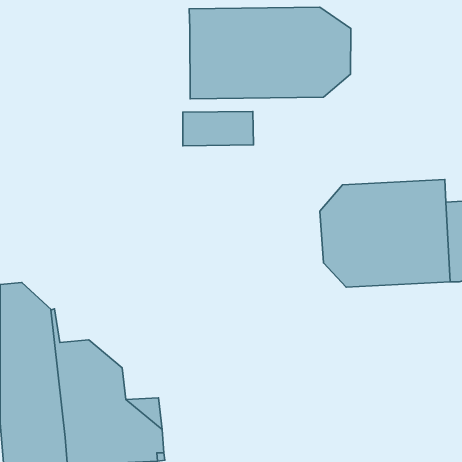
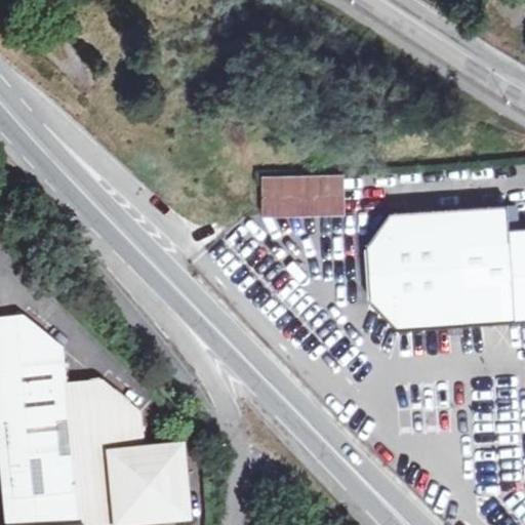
building: [189,7,351,99] -> none
building: [183,111,254,146] -> [262,177,342,216]

